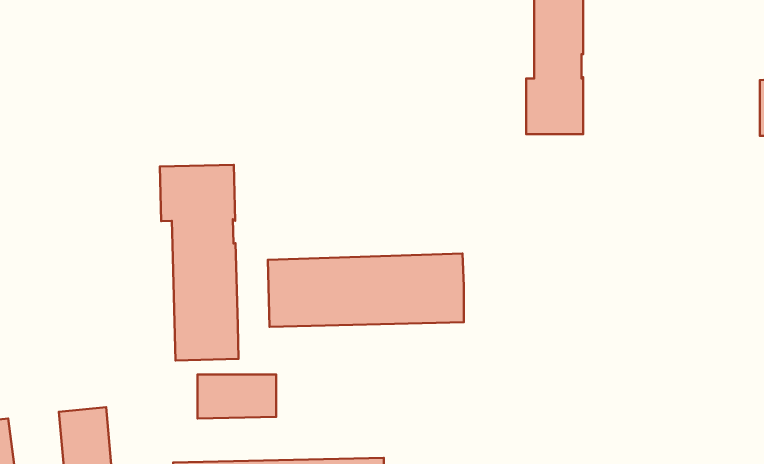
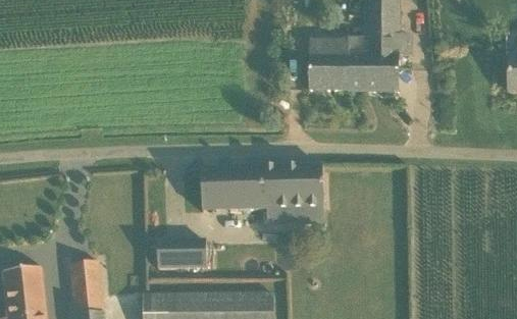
building: none -> [310,39,363,92]
building: [160,165,239,360] -> none

